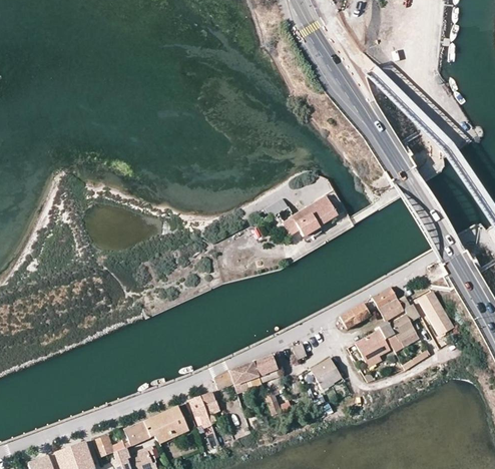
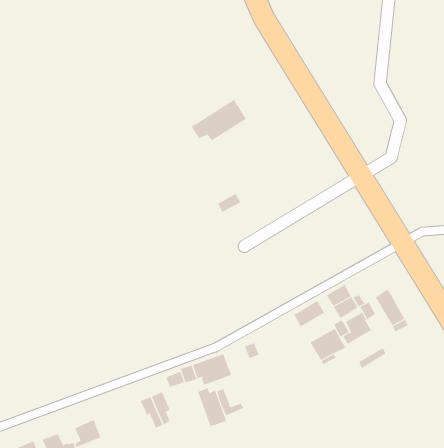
building: [282,196,337,238] -> [191,99,247,141]
building: [310,359,341,390] -> none
building: none -> [197,388,227,427]
building: [143,405,190,443] -> none

